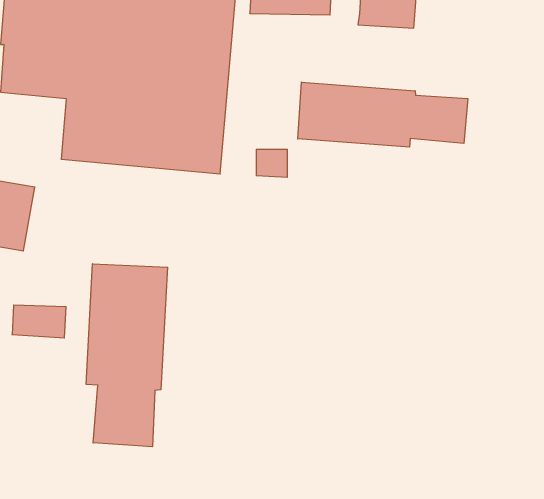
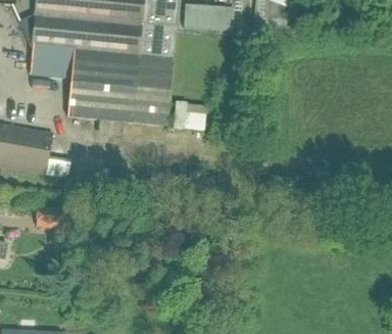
building: [298,82,468,147] -> none
building: [86,264,168,447] -> none

